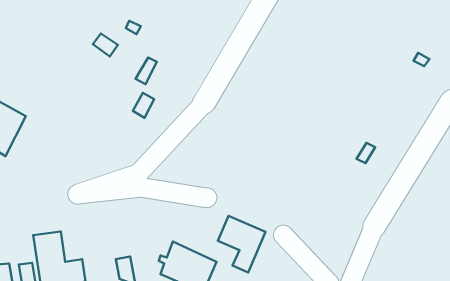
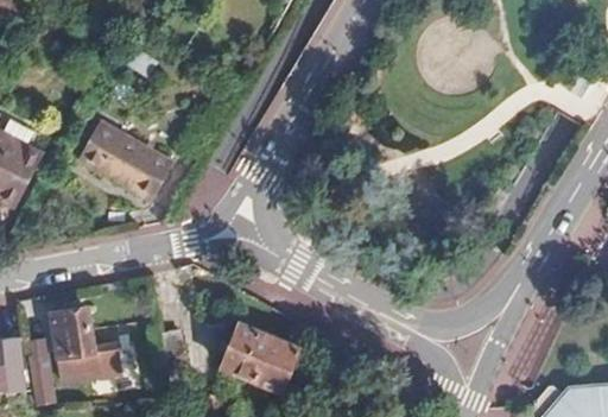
building: none -> [78,124,169,200]
building: [218,216,266,272] -> none

